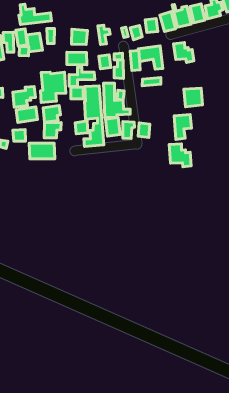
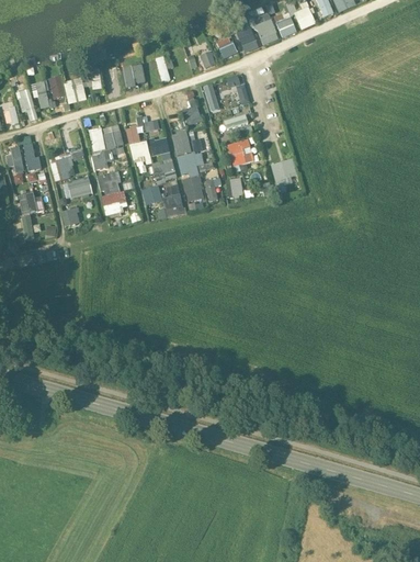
building: [19,4,51,25] -> none
building: [174,43,194,62] -> none
building: [67,52,87,65] -> none
building: [184,88,202,107] -> [227,138,254,166]
building: [29,143,55,159] -> none
building: [169,144,191,167] -> none

